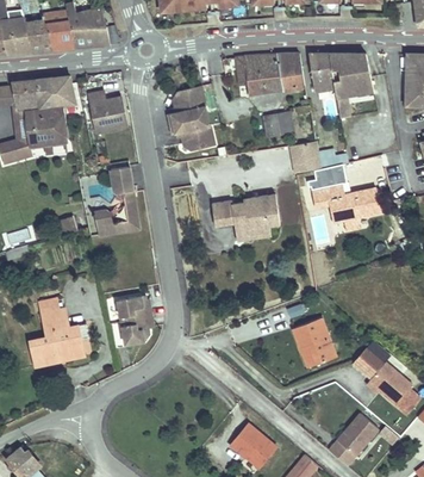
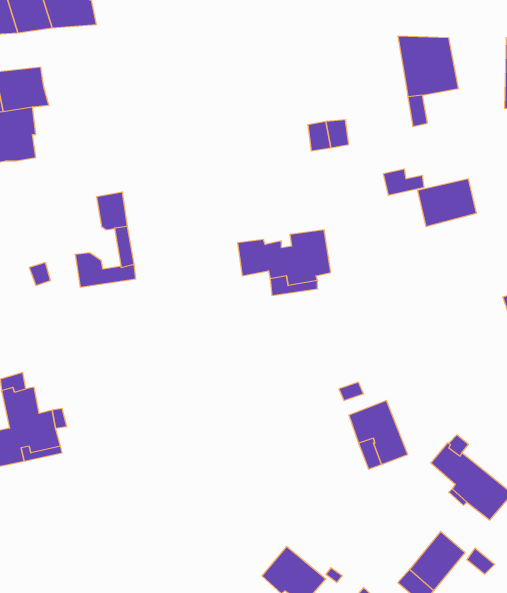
building: [235,52,305,94] -> none
building: [308,52,335,92] -> none
building: [167,86,214,150] -> none
building: [88,91,126,132] -> none
building: [295,141,322,172] -> none
building: [311,182,381,222] -> none
building: [117,295,154,343] -> none

